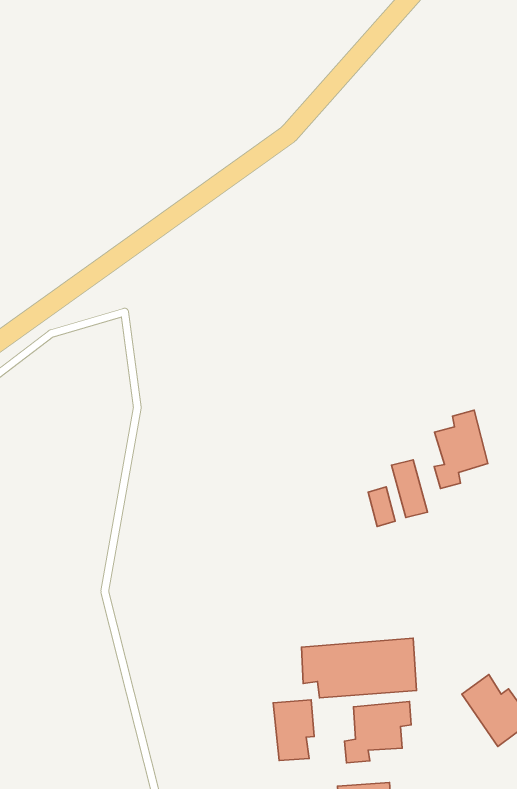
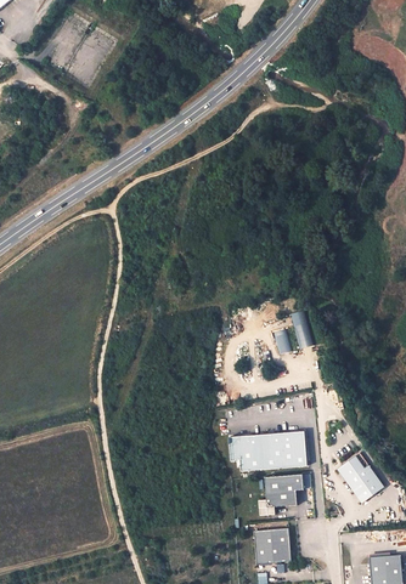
building: [434,410,488,489] -> none
building: [273,700,314,761] -> none

